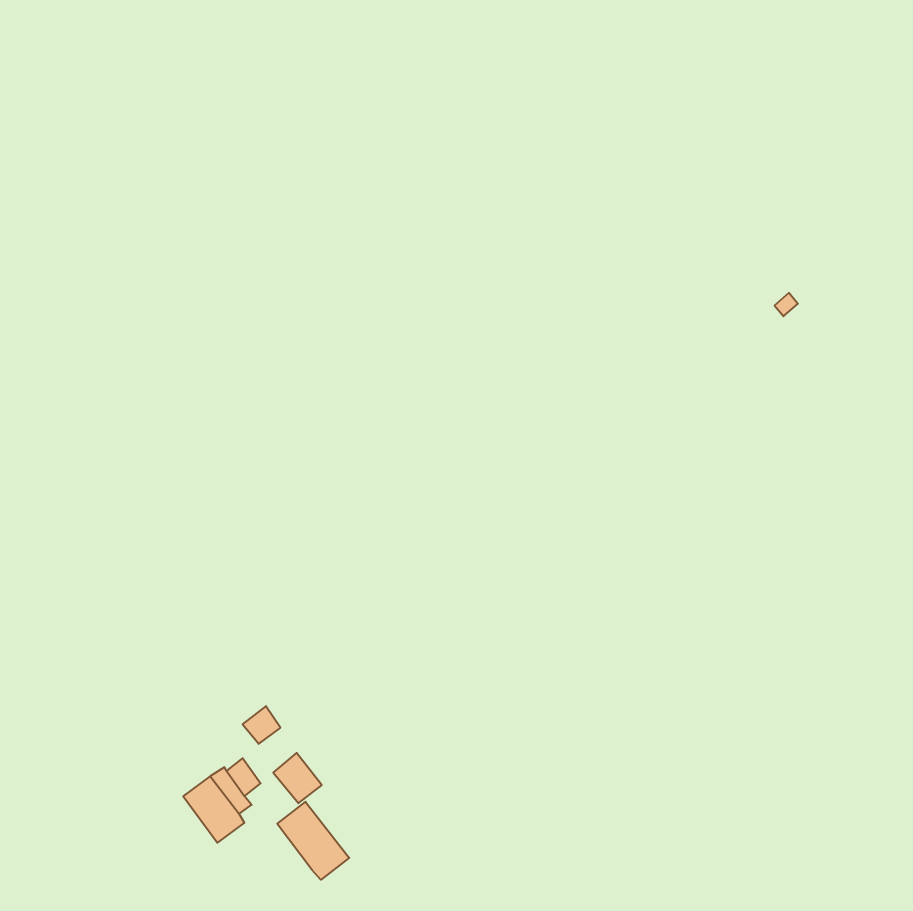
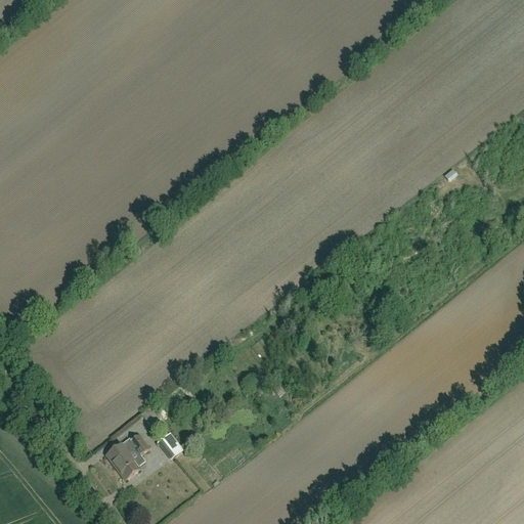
building: [277,802,349,880] -> none

